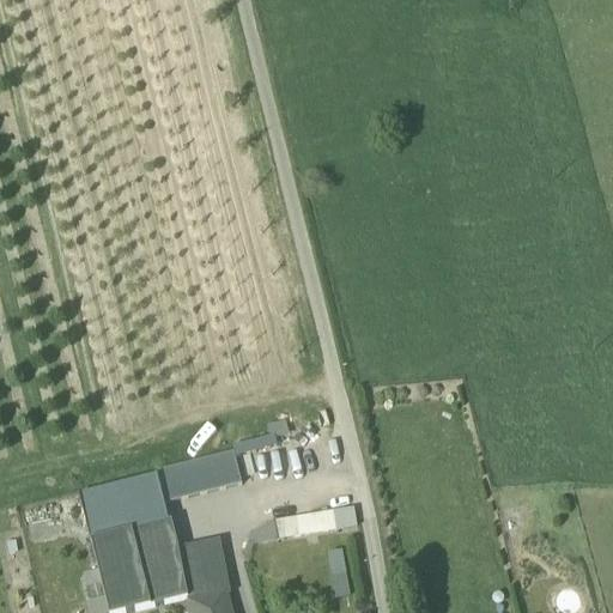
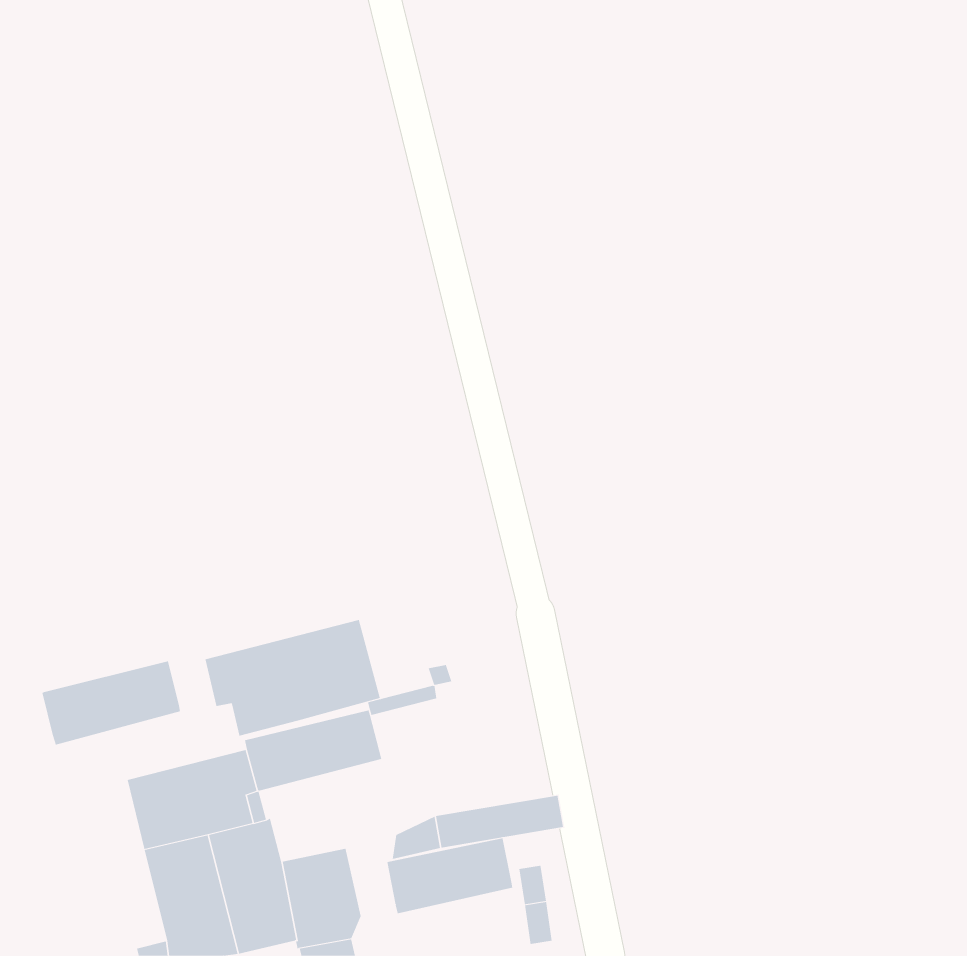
building: none -> [205,619,381,737]
building: none -> [42,661,181,746]
building: none -> [387,838,513,914]

